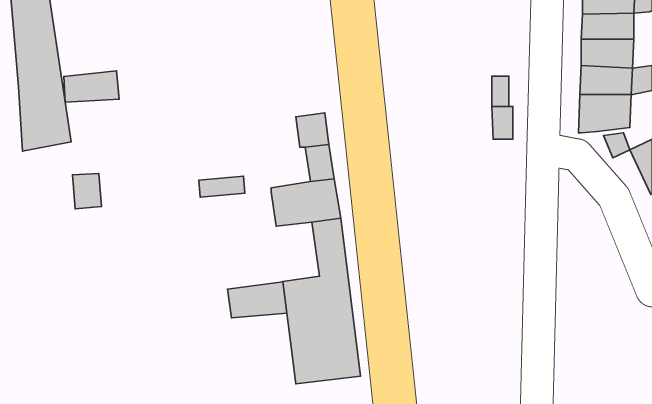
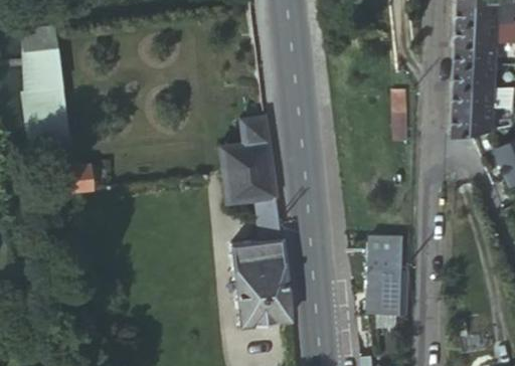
building: [64,71,119,102] -> none
building: none -> [218,144,251,175]
building: none -> [369,232,401,313]
building: [228,282,287,318] -> none

